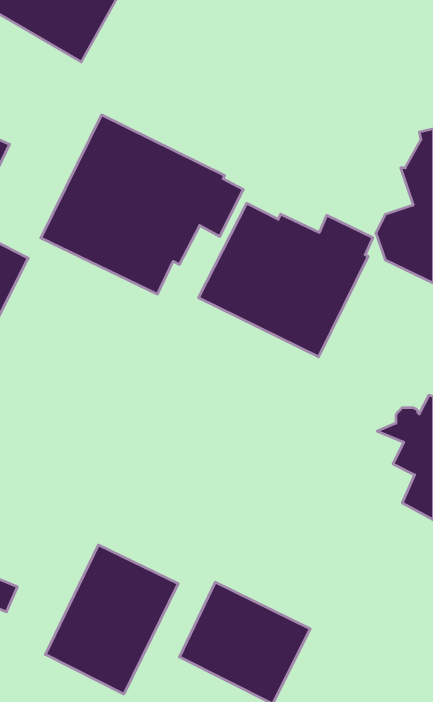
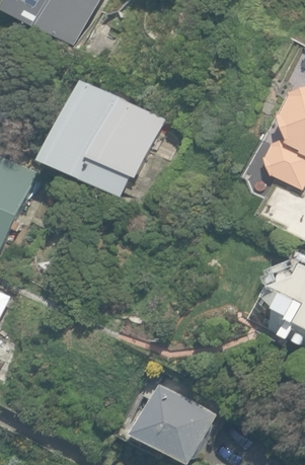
building: [199,203,373,357] -> none
building: [45,545,178,694] -> none

